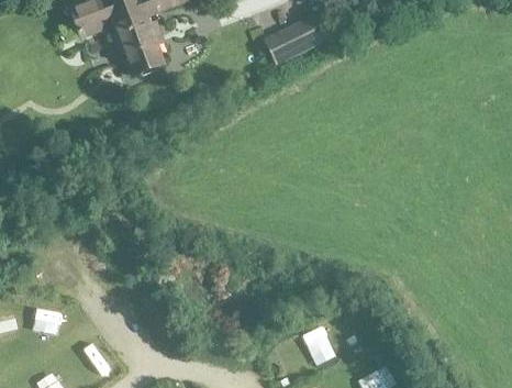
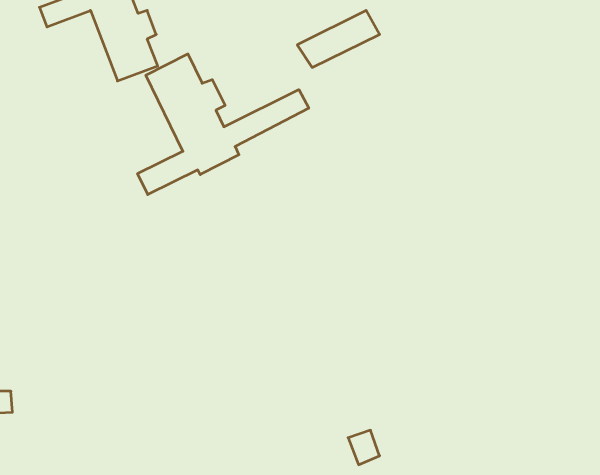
building: none -> [138,54,309,195]

